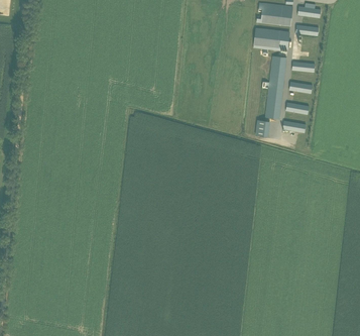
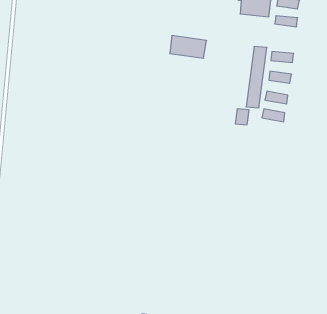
building: [252,26,289,49] -> [170,36,207,58]

